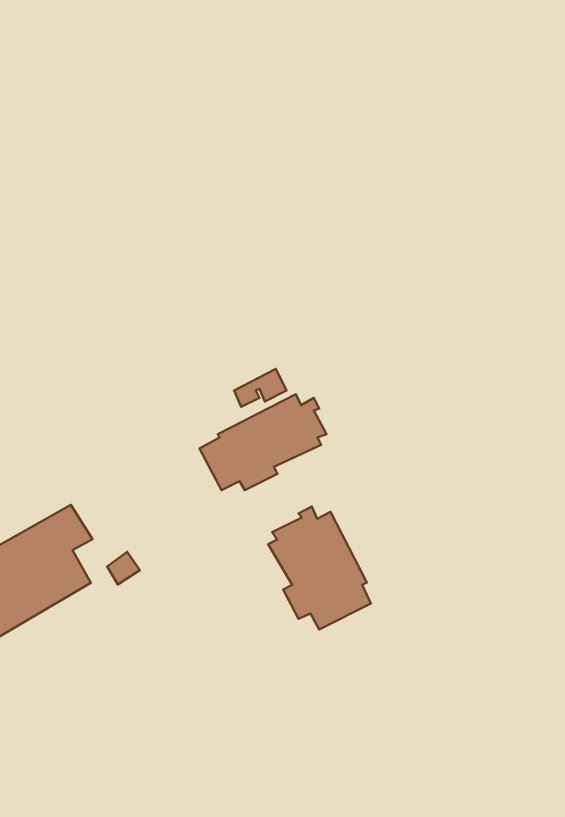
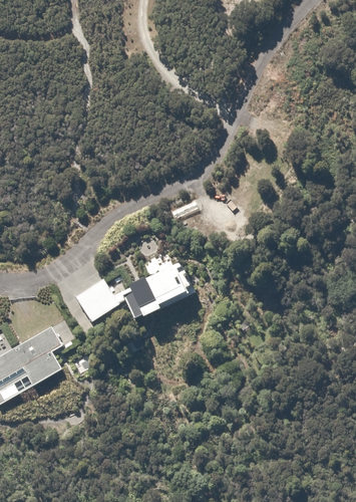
building: none -> [74,276,118,321]
building: [268,507,371,630] -> none

